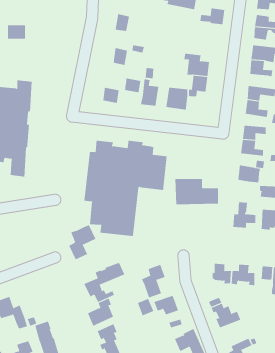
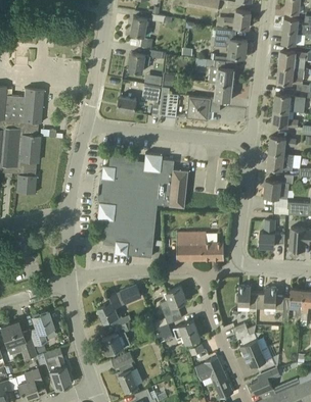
building: none -> [215,27,248,57]
building: [175,178,219,205] -> [176,232,224,260]
building: [69,224,96,260] -> none
building: none -> [29,311,53,345]
building: none -> [245,347,275,371]

